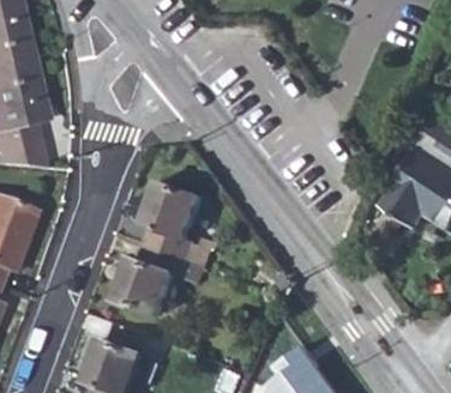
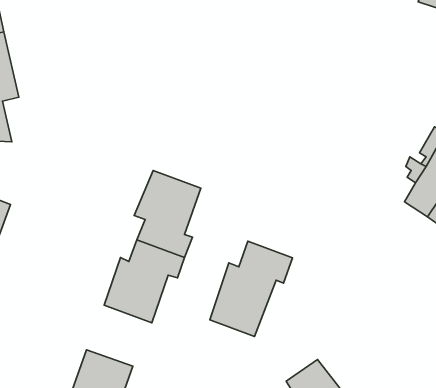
building: none -> [210,241,292,336]

